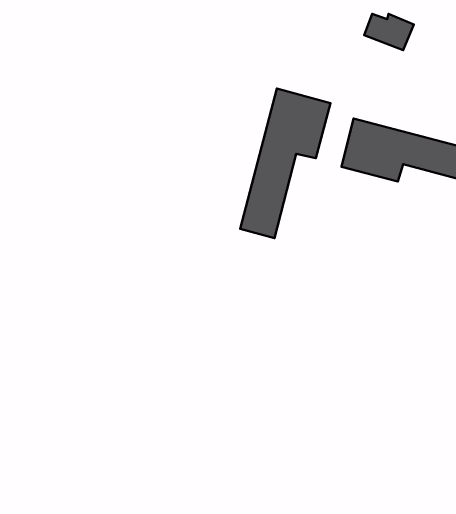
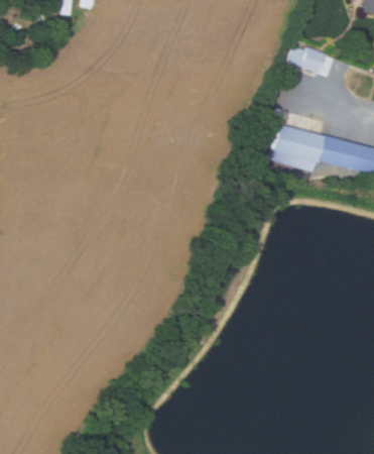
building: [240,88,330,238] -> none

